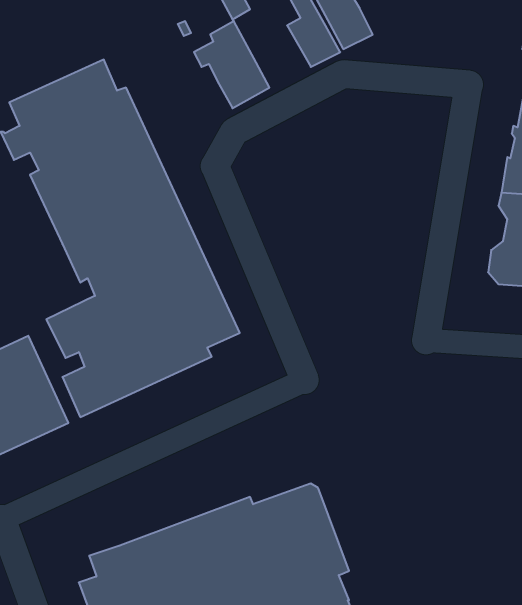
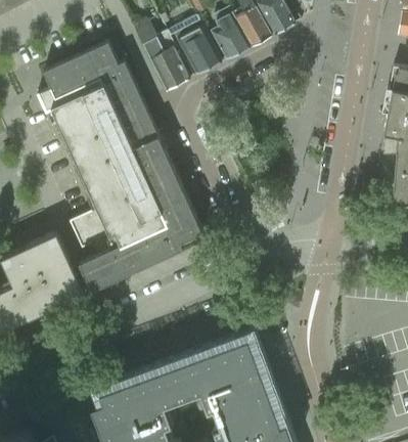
building: none -> [209,14,251,61]
building: none -> [134,23,188,92]

